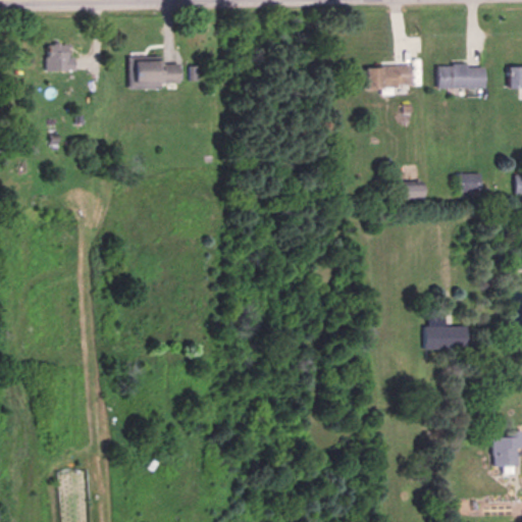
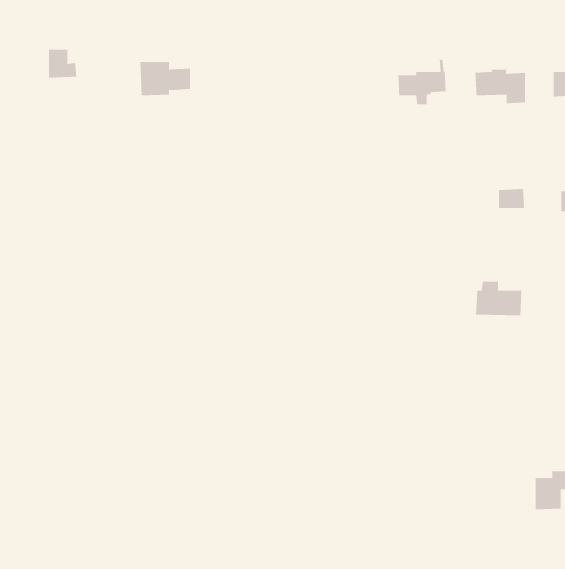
building: [399,180,422,201] -> none
building: [424,318,467,350] -> [475,281,522,316]

